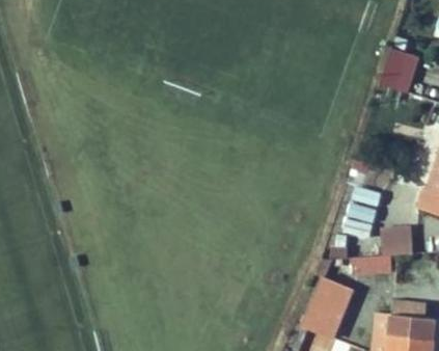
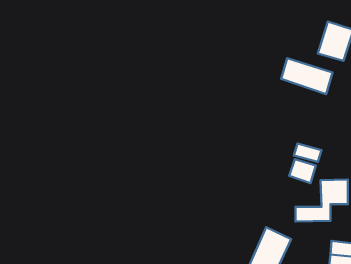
building: none -> [281,58,333,94]

